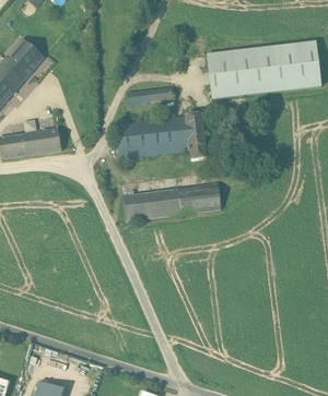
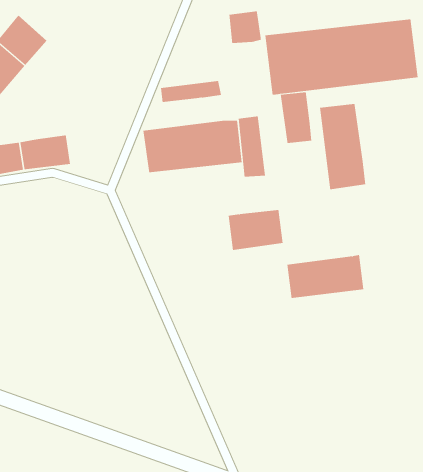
building: none -> [229,11,261,44]
building: none -> [280,91,312,144]
building: none -> [320,103,366,190]
building: [124,188,181,220] -> [286,254,364,298]

